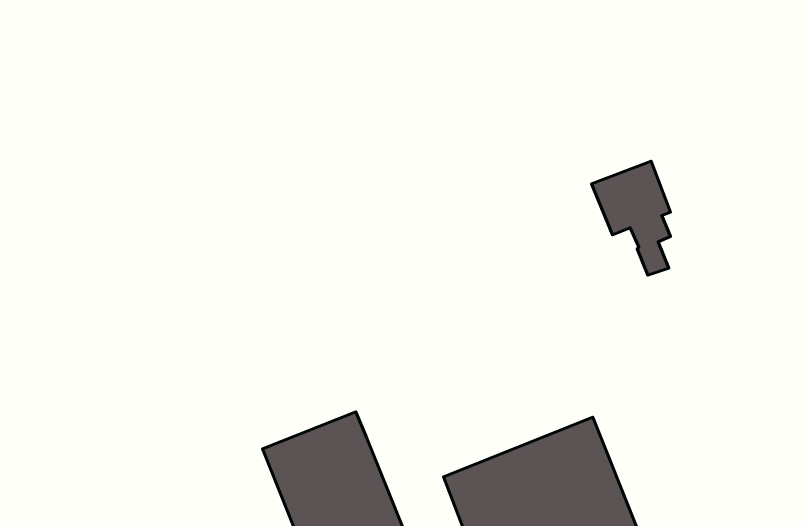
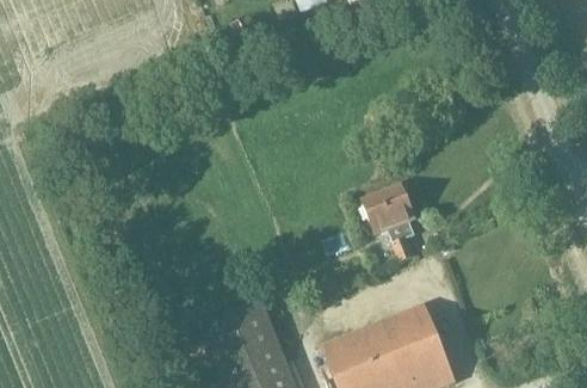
building: [592,161,671,275] -> [362,185,415,263]

